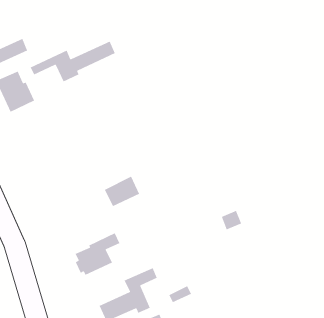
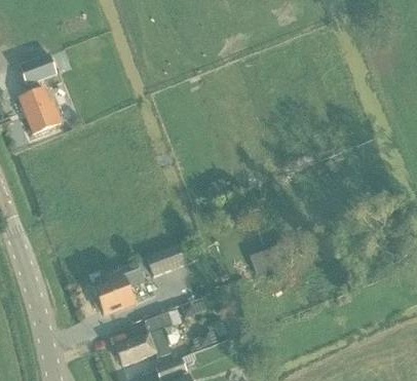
building: [29,40,116,83] -> none
building: [104,176,140,207] -> [147,242,186,275]

